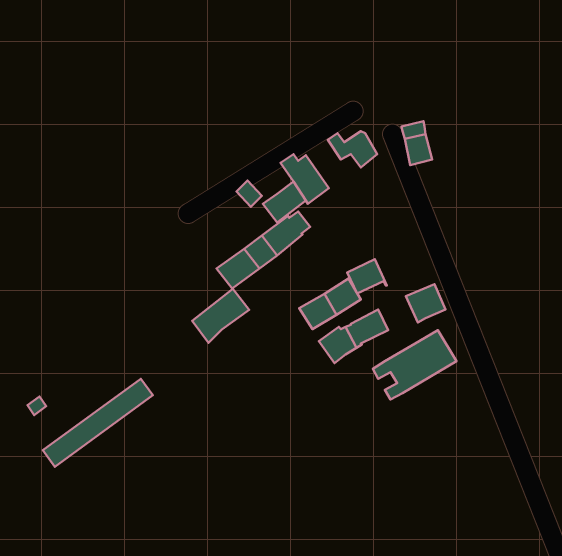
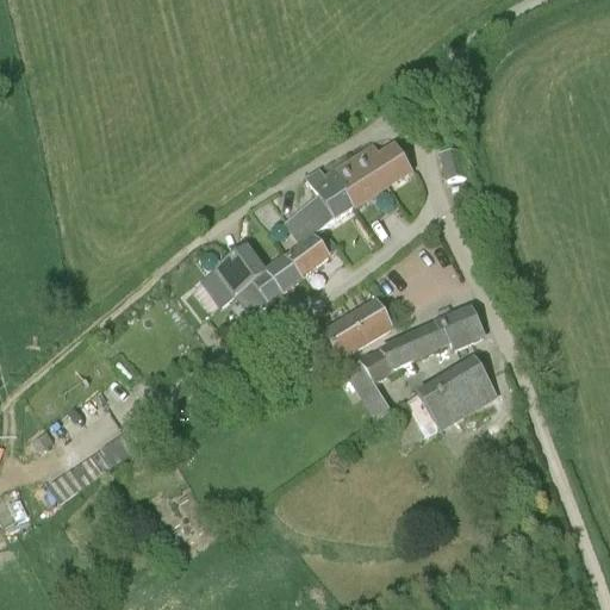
building: none -> [331,151,391,204]
building: [347,259,387,293] -> [410,320,453,357]
building: [192,289,249,343] -> [203,247,264,305]

